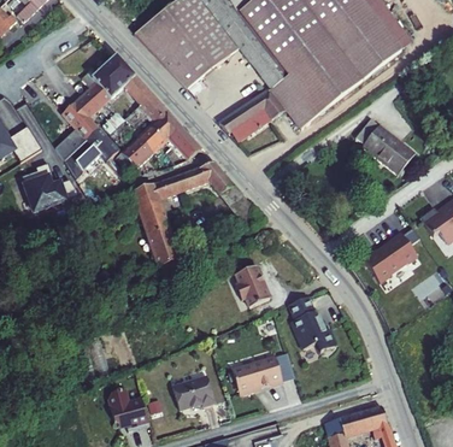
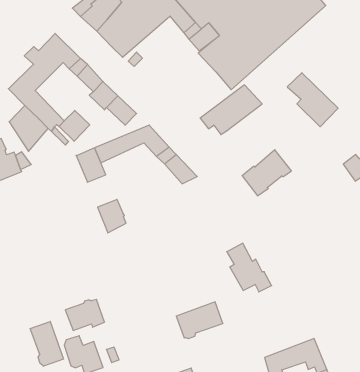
building: [219,84,288,137] -> [200,85,262,135]
building: [131,124,164,157] -> none
building: [141,212,172,247] -> none
building: [365,230,419,280] -> [242,150,291,196]
building: [235,263,270,304] -> none
building: none -> [30,321,64,366]
building: [171,378,213,411] -> [65,299,105,330]

